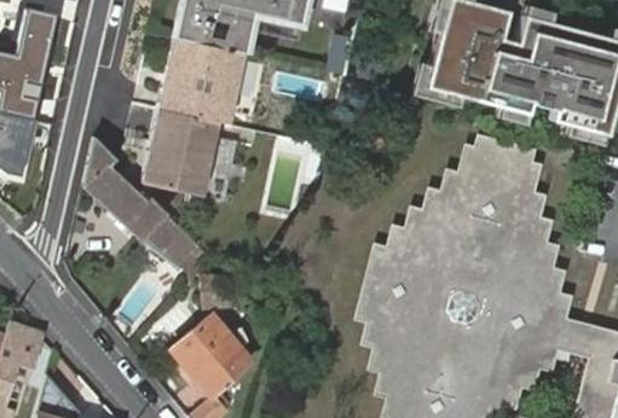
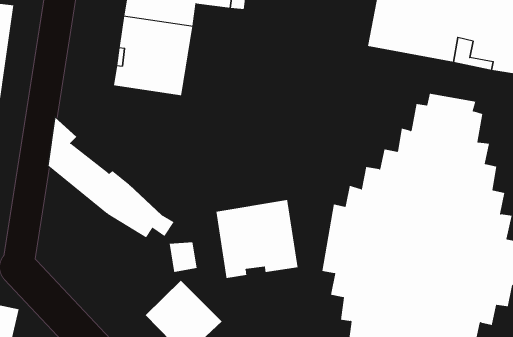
building: [139,108,218,196] -> none
building: none -> [216,199,298,279]

